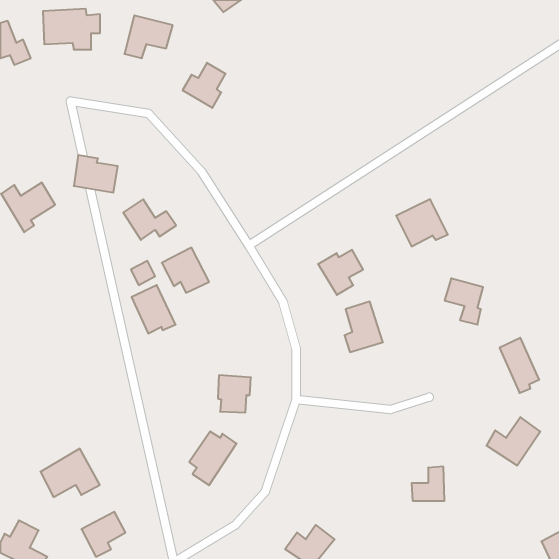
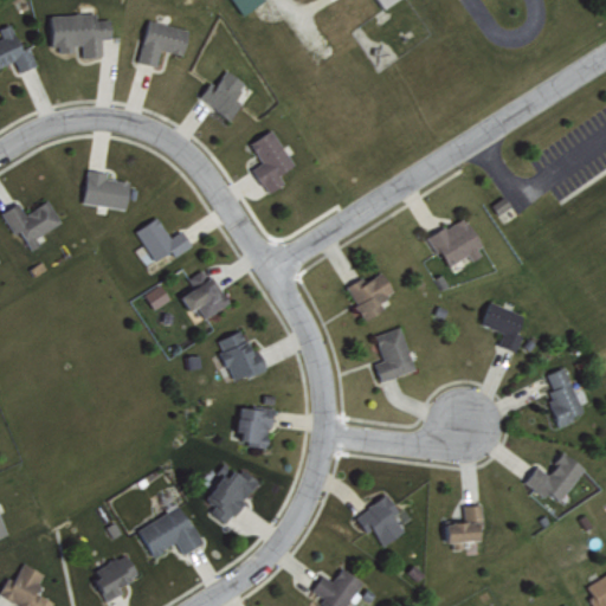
building: none -> [251,130,294,194]
building: [132,285,176,333] -> [217,329,264,381]
building: [40,449,100,497] -> [138,505,202,557]
building: none -> [355,495,405,547]

